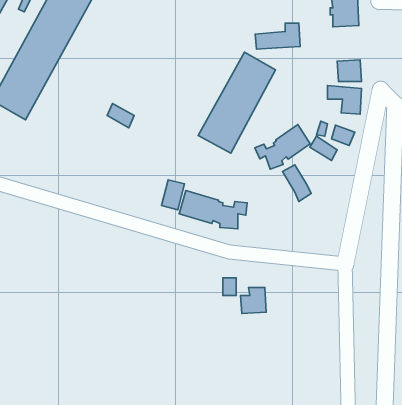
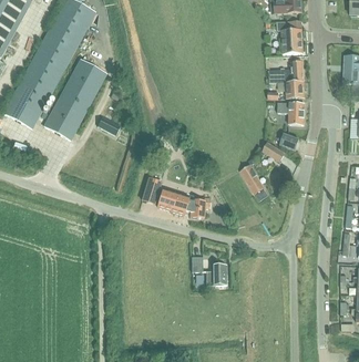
building: [255,23,300,49] -> [266,60,302,81]
building: [198,52,276,153] -> [42,58,105,139]
building: [255,125,310,169] -> none

